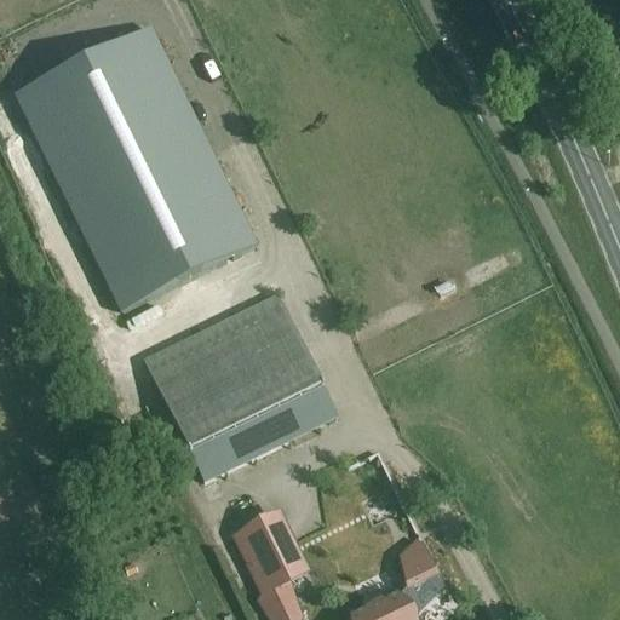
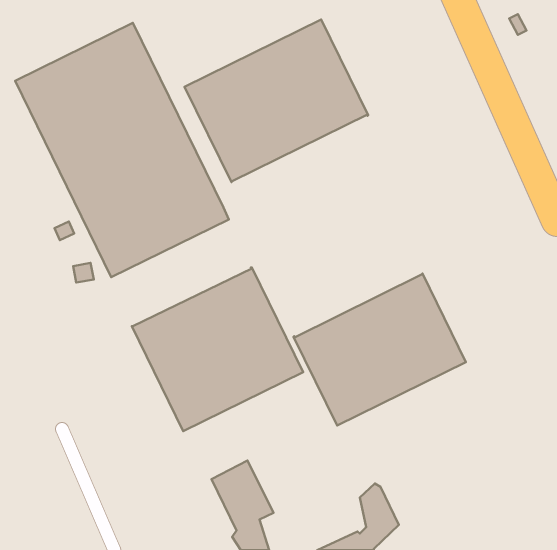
building: none -> [185,20,368,182]
building: none -> [294,274,466,425]

